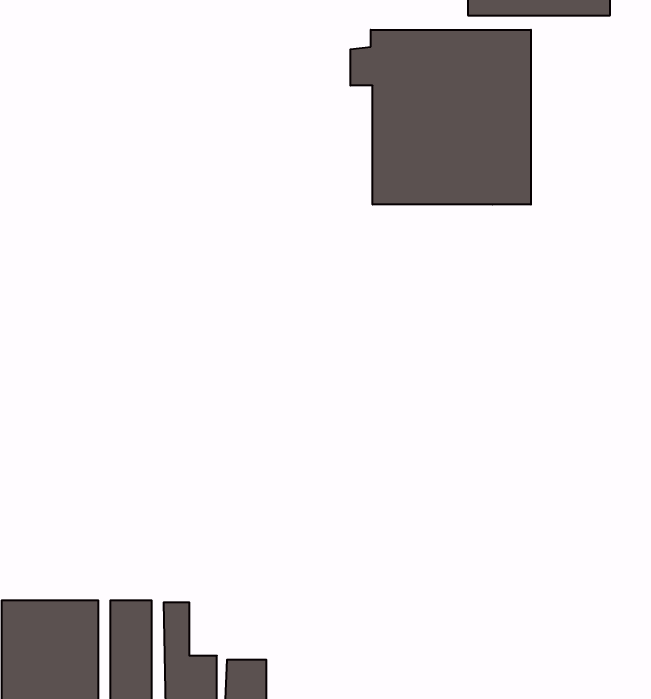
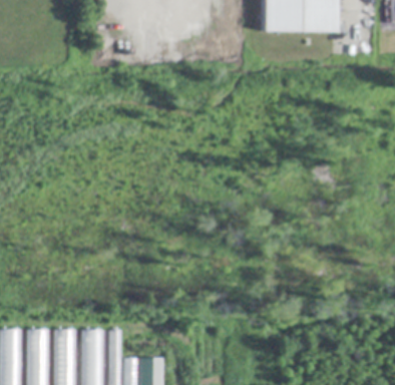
building: [350,30,531,205] -> none

